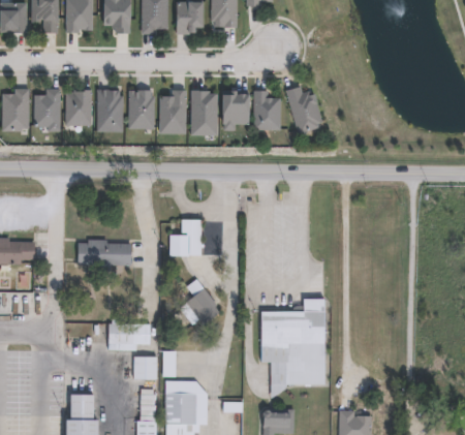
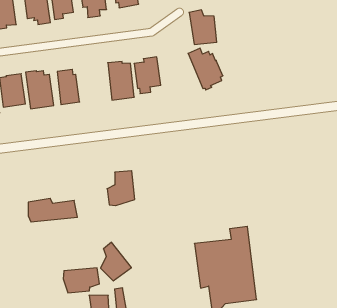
building: [252,88,280,127] -> [189,10,217,44]
building: [158,90,188,135] -> none
building: [182,278,217,322] -> [101,242,131,281]

